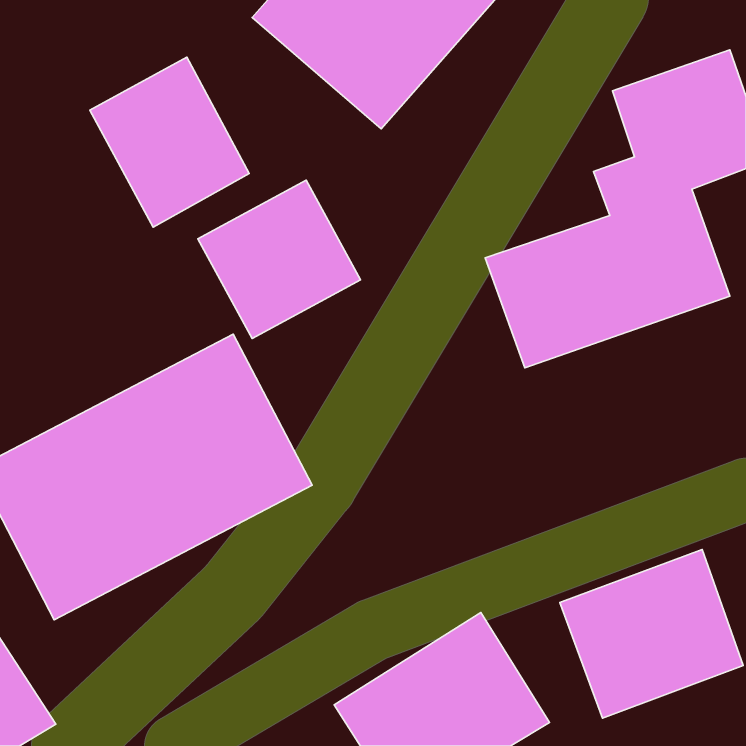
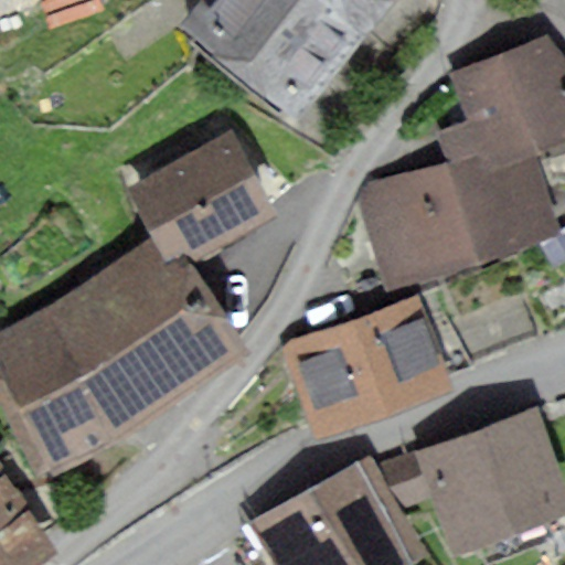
building: [90,57,249,227] -> none
building: none -> [289,301,444,426]

